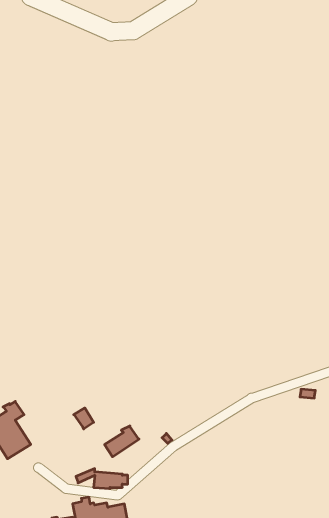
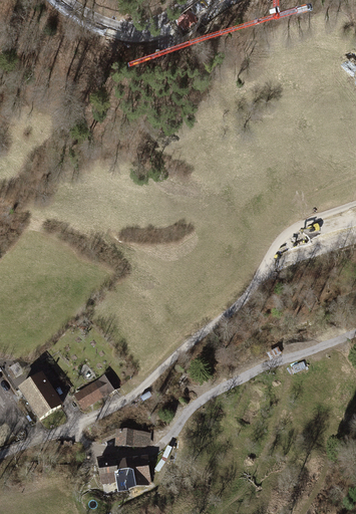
building: [105,426,139,457] -> [76,378,107,407]

